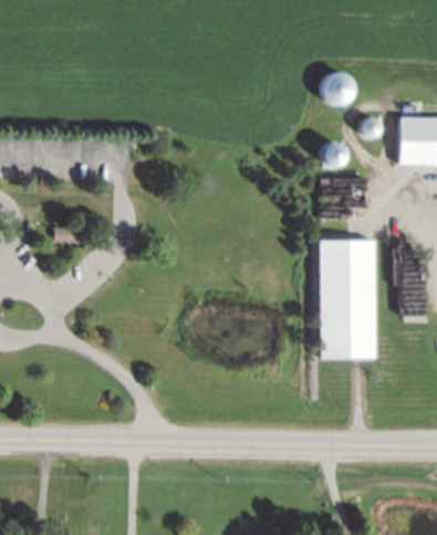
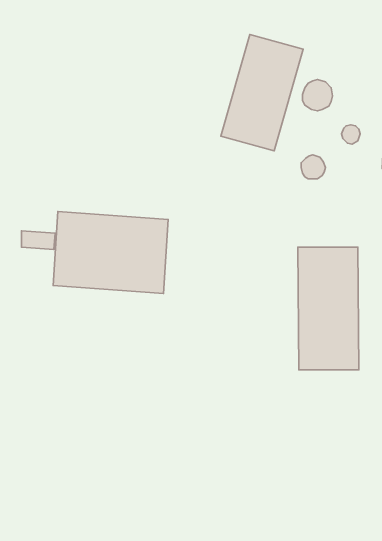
building: none -> [221,34,303,151]
building: none -> [53,212,168,293]

